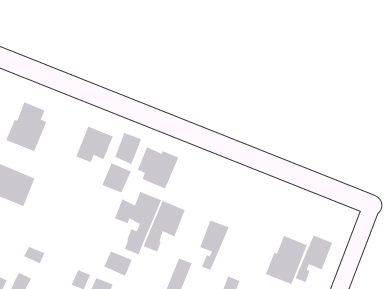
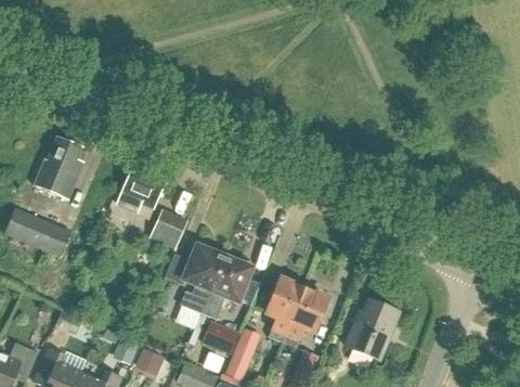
building: [114,132,142,165] -> none
building: [137,146,180,190] -> none
building: [294,235,333,283] -> [282,288,328,347]
building: [103,251,133,277] -> [202,321,237,352]

